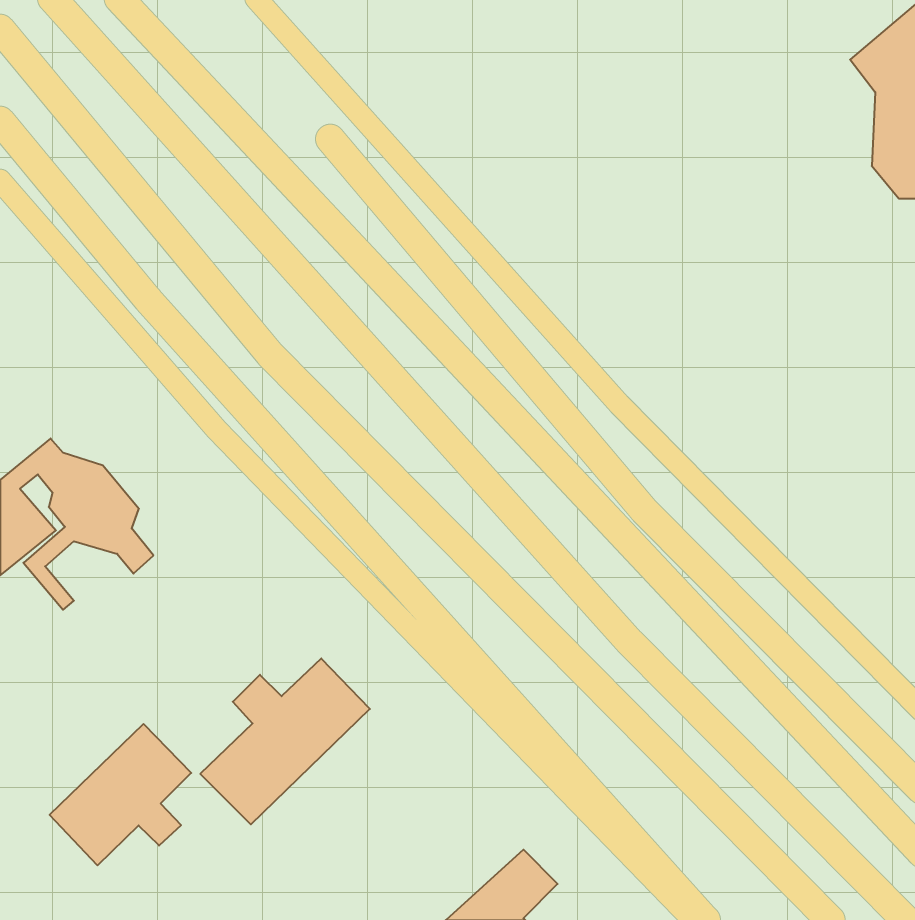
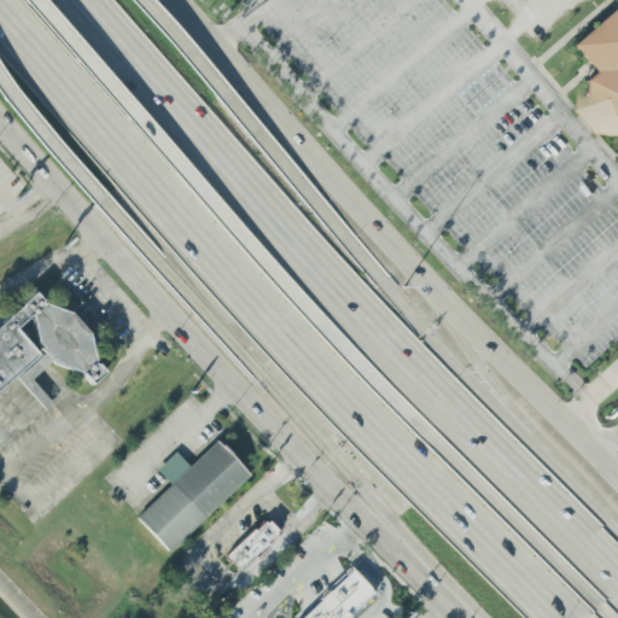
building: [50,724,191,865] -> none
building: none -> [229,518,285,571]

